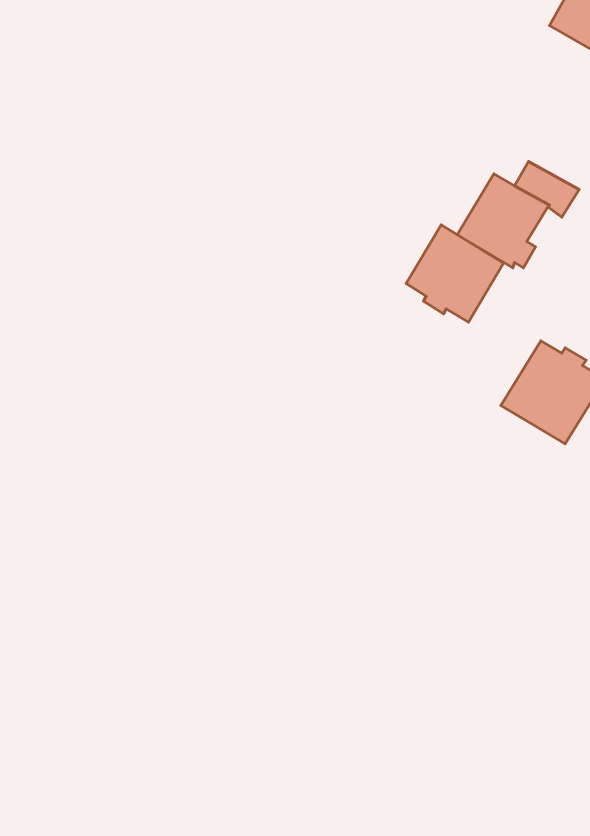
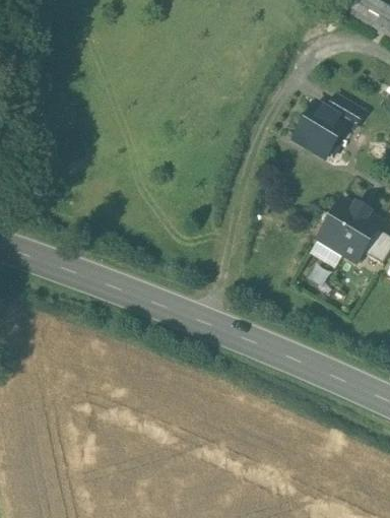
building: [406,225,503,322] -> none

